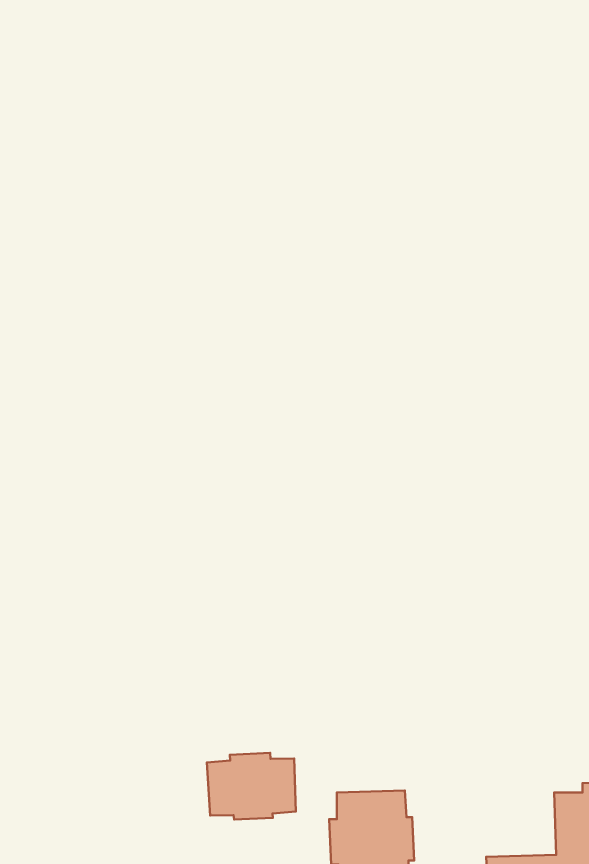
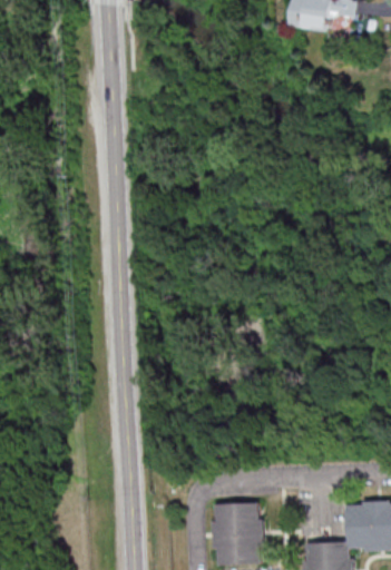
building: [207,753,296,820] -> none

